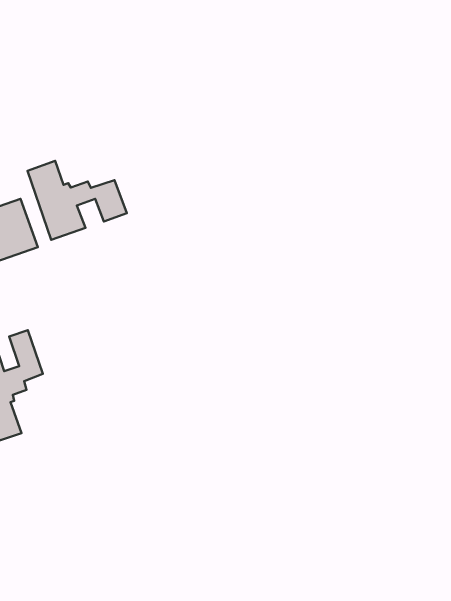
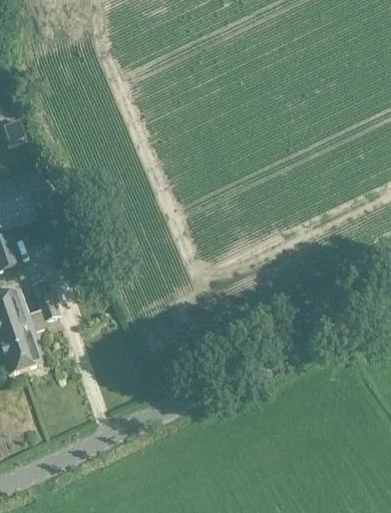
building: [28,161,127,240] -> none

